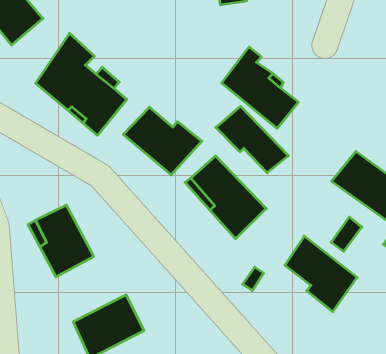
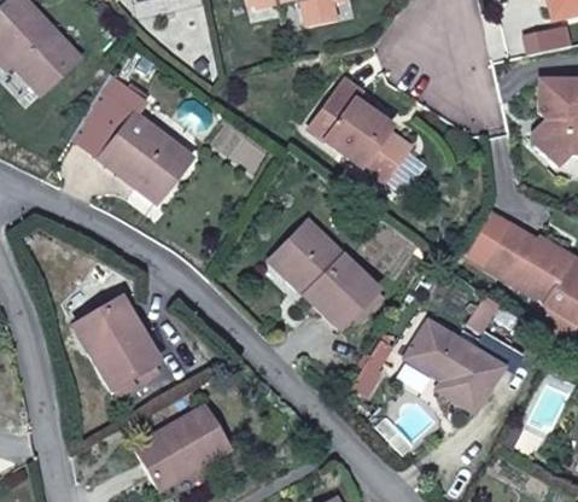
building: [216,106,288,173] -> none
building: [123,107,202,175] -> none

